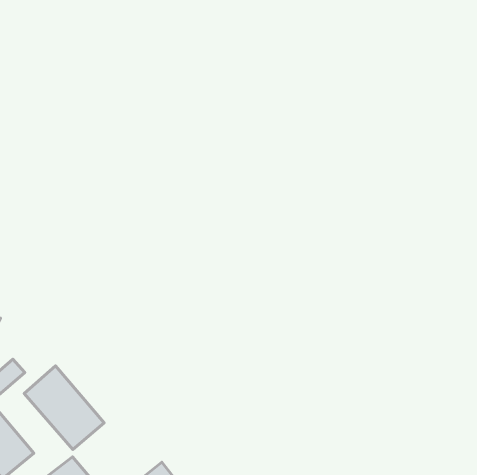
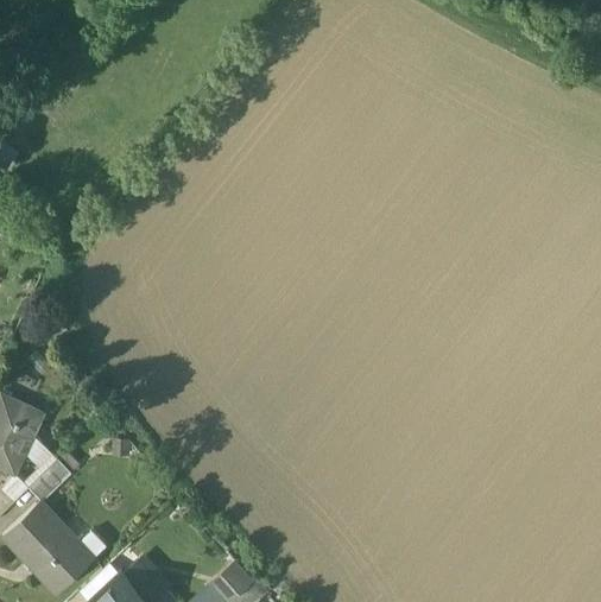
building: [24,366,104,449] -> none

